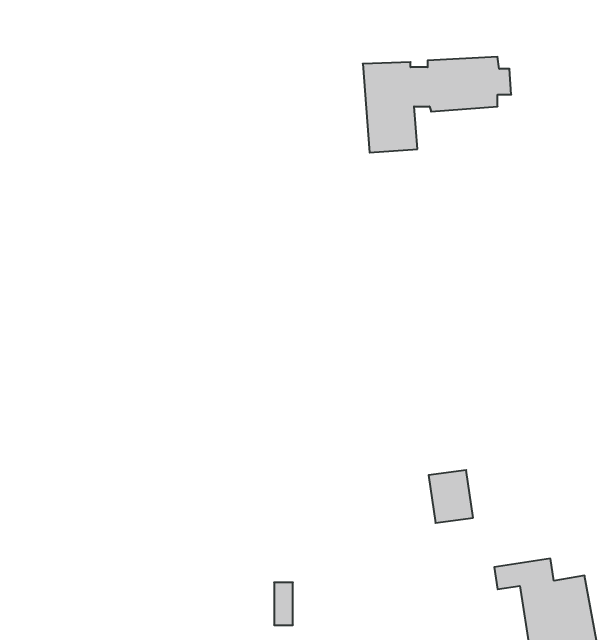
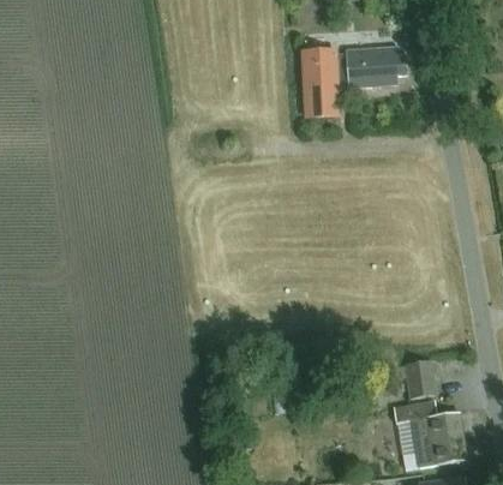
building: [429,470,473,523] -> [406,360,437,397]

